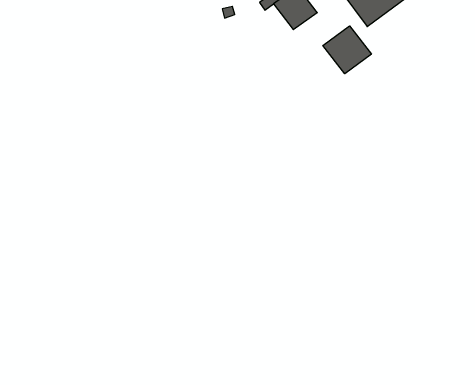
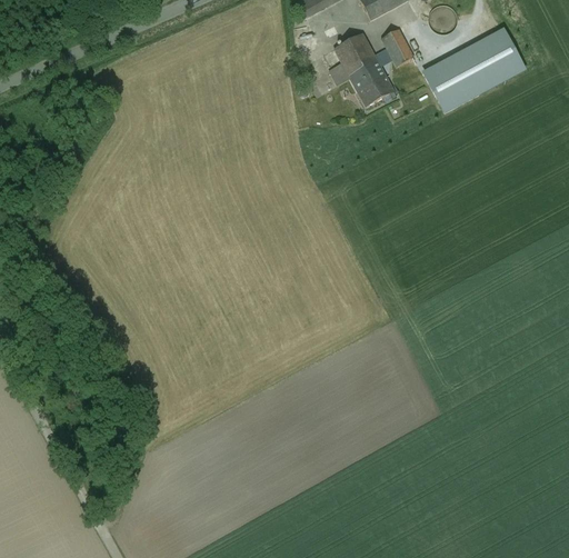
building: [323,26,371,74] -> none

